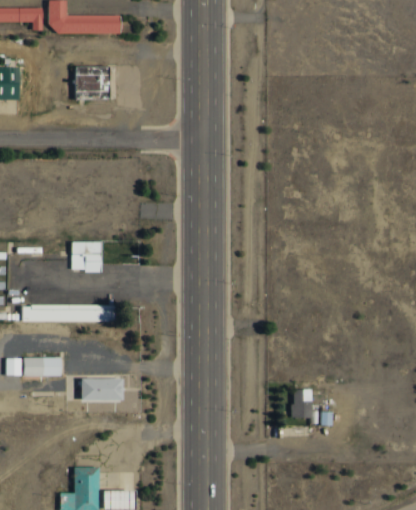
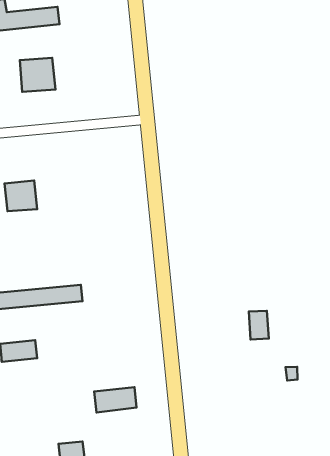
building: [72,241,103,271] -> [5,180,37,211]
building: [82,378,124,400] -> [94,387,137,413]
building: [287,389,307,419] -> [249,311,269,339]

